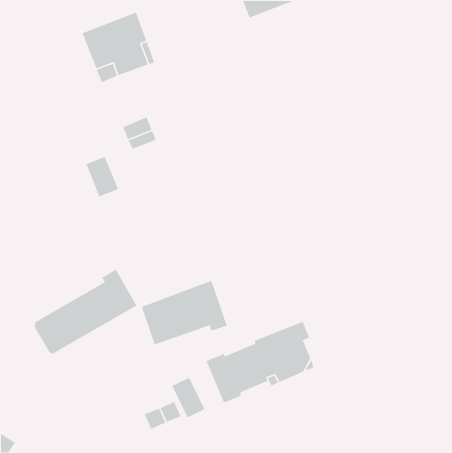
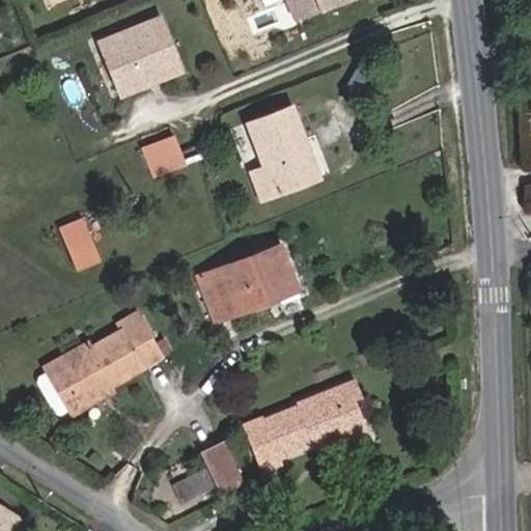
building: none -> [249,107,319,199]
building: [86,156,119,198] -> [60,219,100,268]
building: [141,280,228,346] -> [199,245,301,322]

